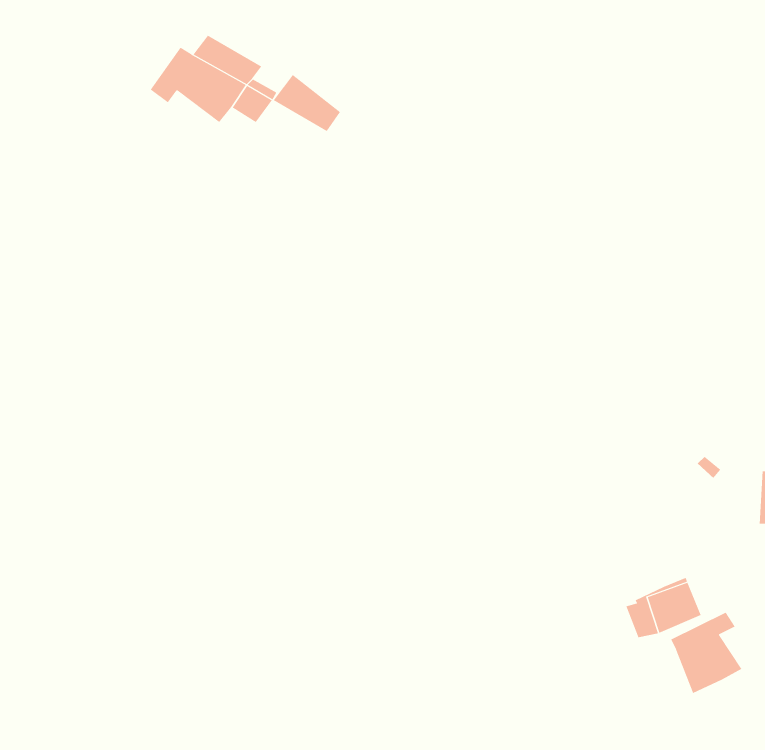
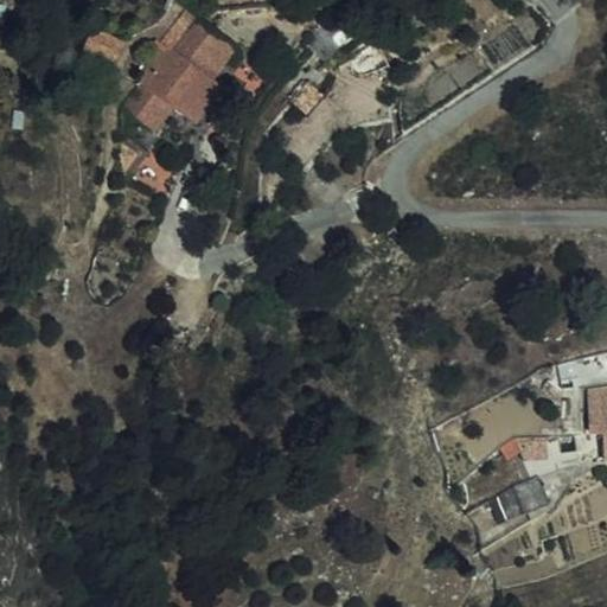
building: [273,74,341,132] -> [170,26,223,71]
building: [670,612,742,694] -> none

